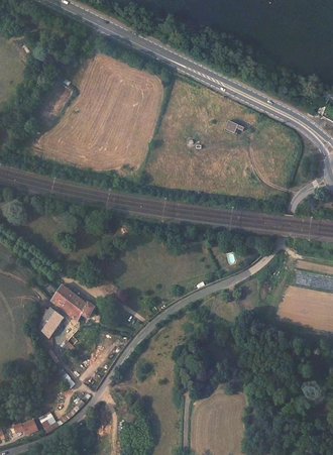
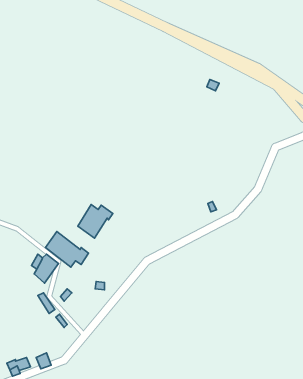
building: none -> [78,205,113,238]

